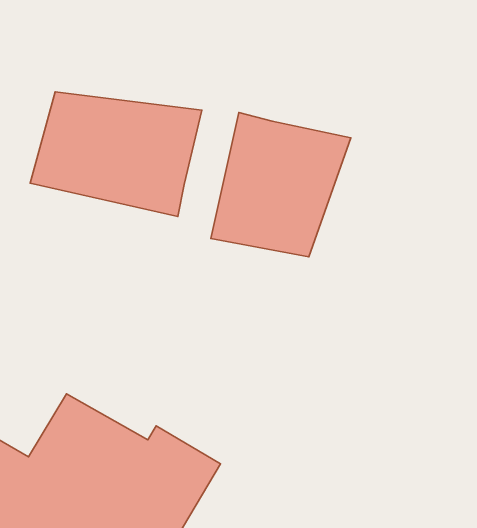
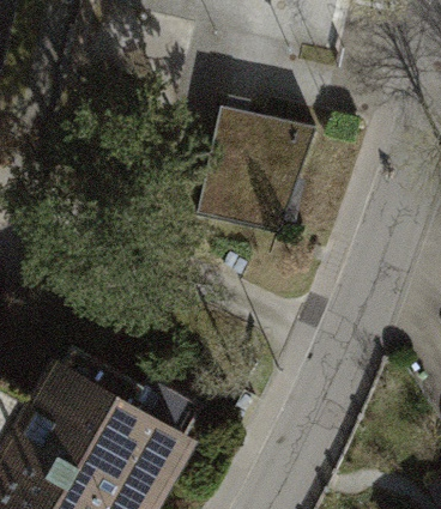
building: [30,92,202,217] -> none

